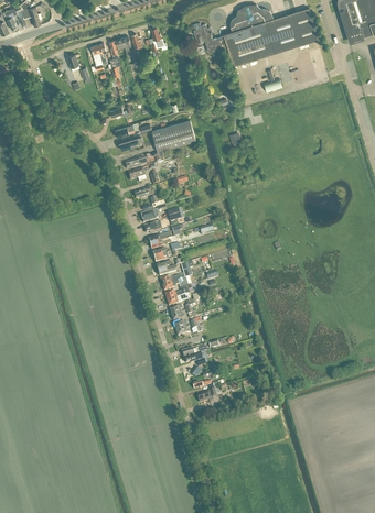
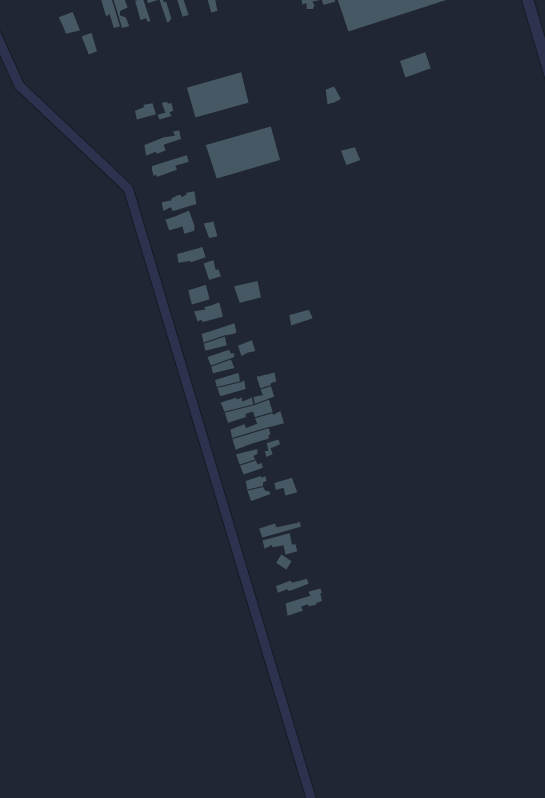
building: none -> [186,72,249,118]

